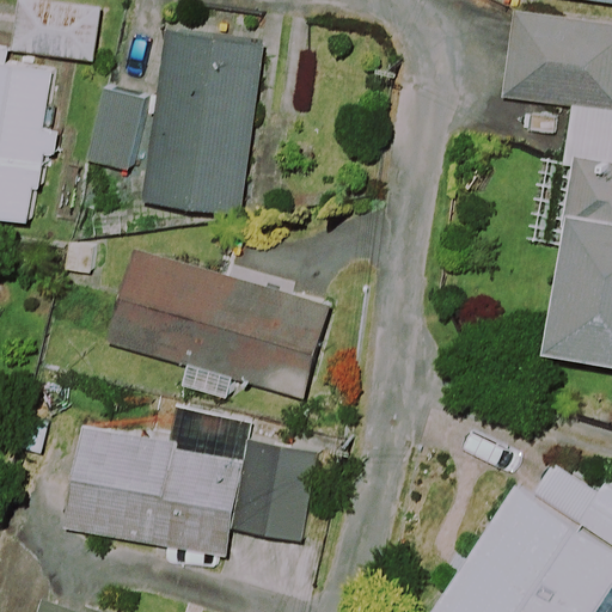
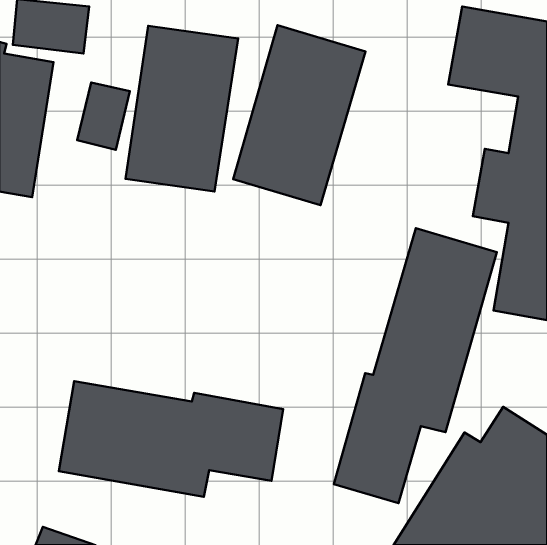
building: none -> [233,25,366,205]
building: [111,252,329,400] -> none
building: none -> [334,228,497,503]

